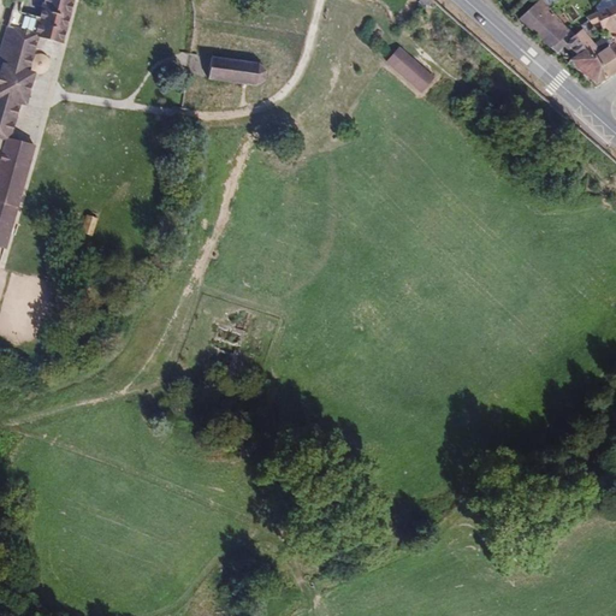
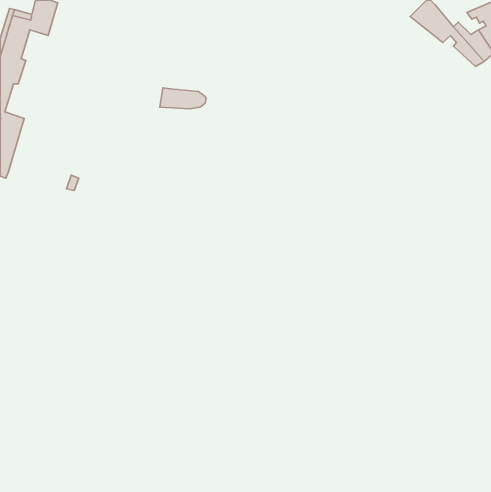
building: [387,45,437,91] -> none
building: [209,55,267,82] -> [160,88,206,109]

